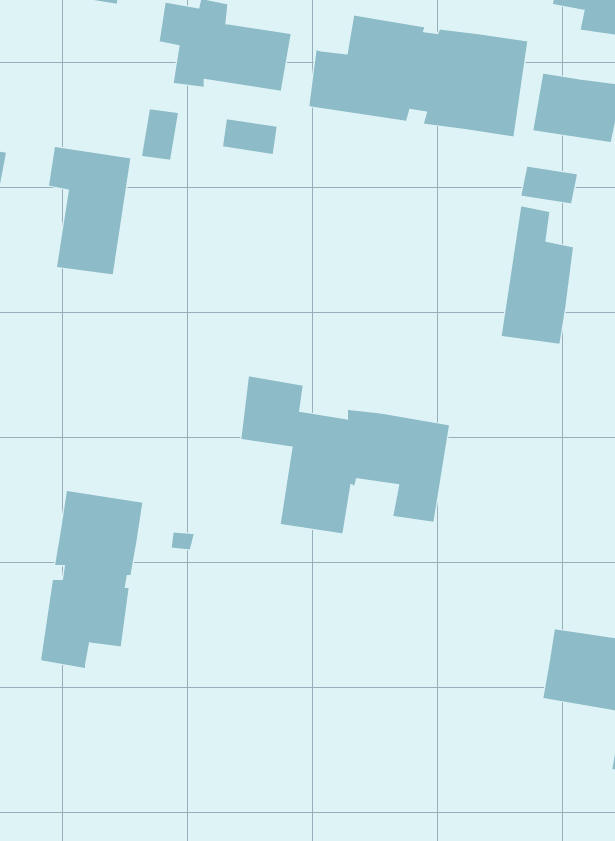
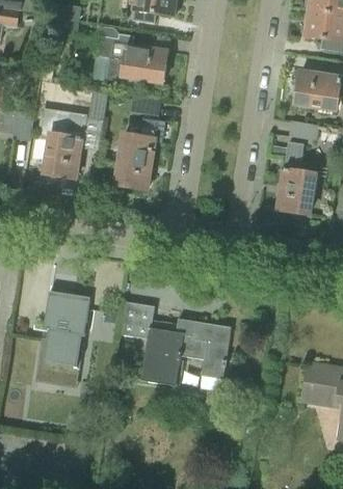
building: [309,15,528,137] -> none
building: none -> [115,124,156,189]
building: [240,376,450,534] -> [121,302,231,385]

